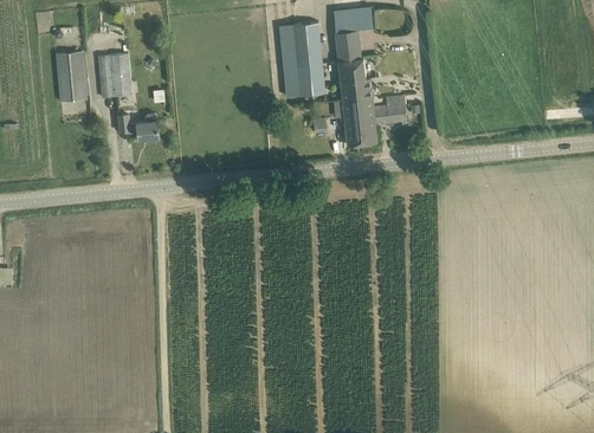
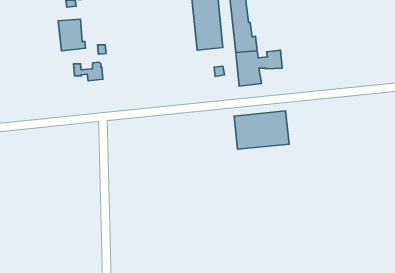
building: [54,52,86,102] -> none
building: none -> [234,111,289,149]

